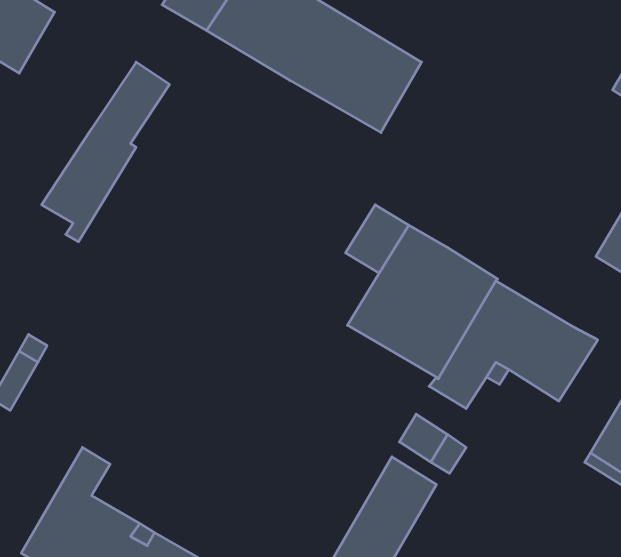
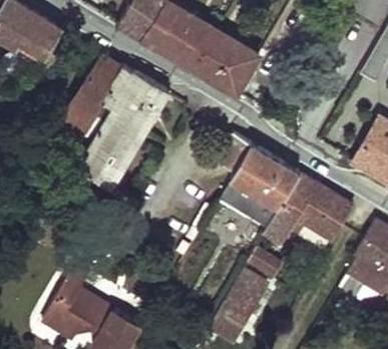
building: none -> [76,66,169,190]

